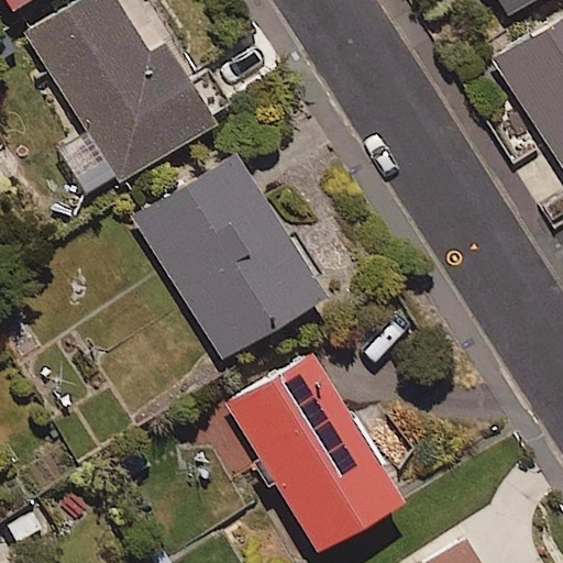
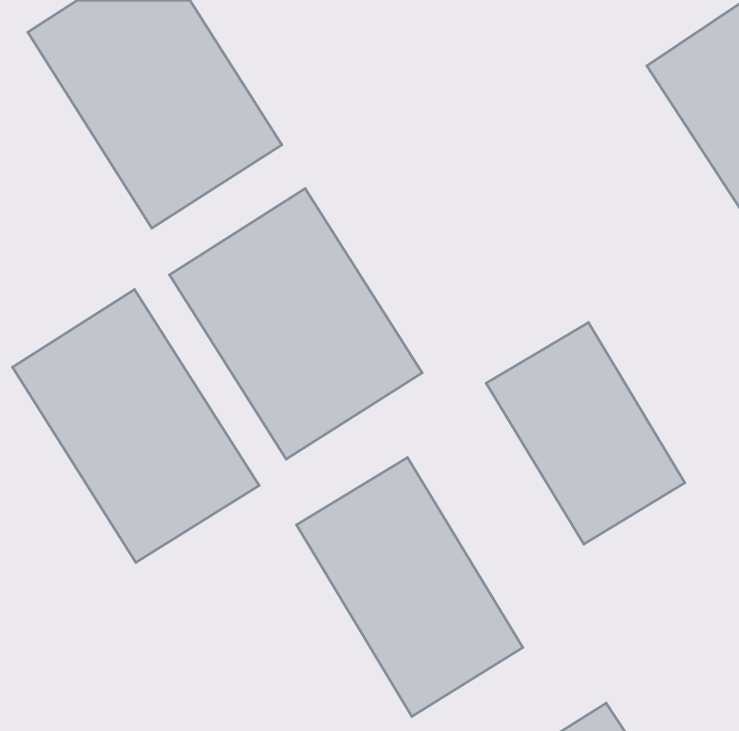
building: none -> [12,290,259,562]
building: none -> [486,323,685,544]

